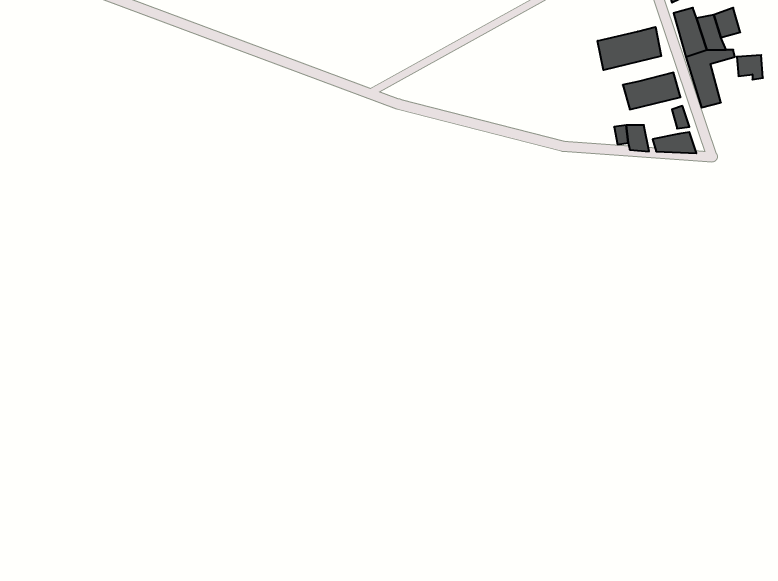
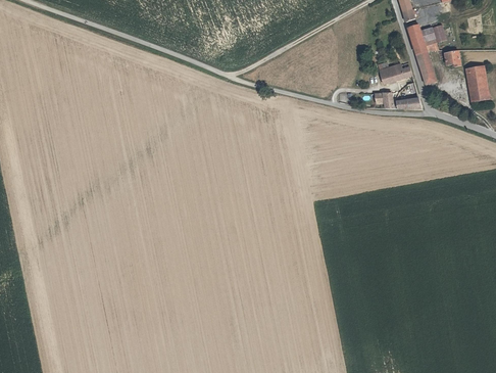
building: [598,27,661,70] -> none

